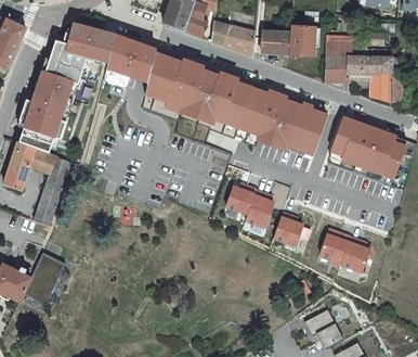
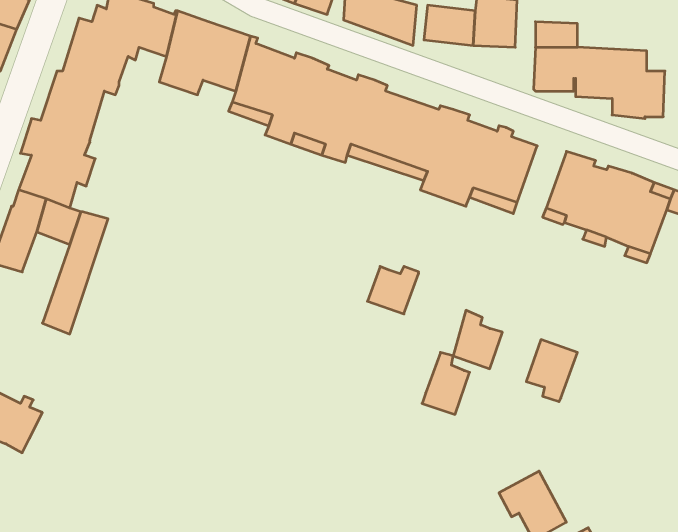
building: [246,191,274,228] -> [422,352,470,414]
building: [341,238,371,272] -> none
building: [26,248,67,299] -> none

